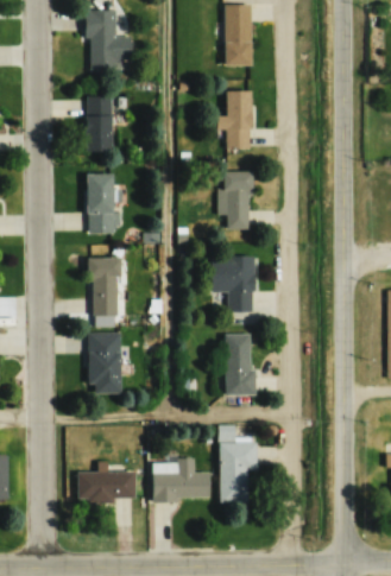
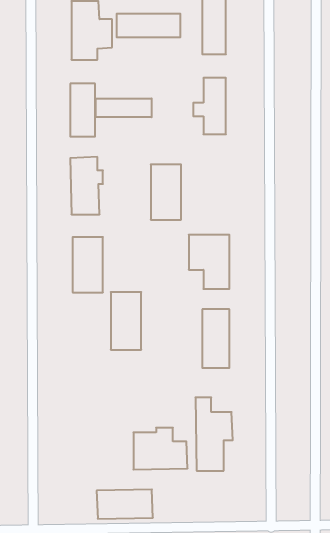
building: none -> [117,14,180,37]
building: none -> [96,98,152,117]
building: [219,171,251,229] -> [151,164,181,220]
building: [89,333,121,393] -> [111,292,141,350]
building: [77,471,137,502] -> [97,489,153,519]

